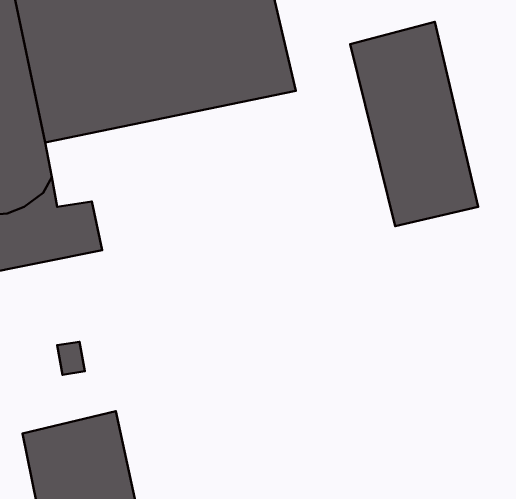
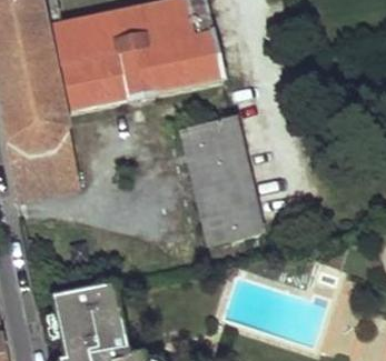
building: [350,22,478,226] -> [180,114,263,245]

